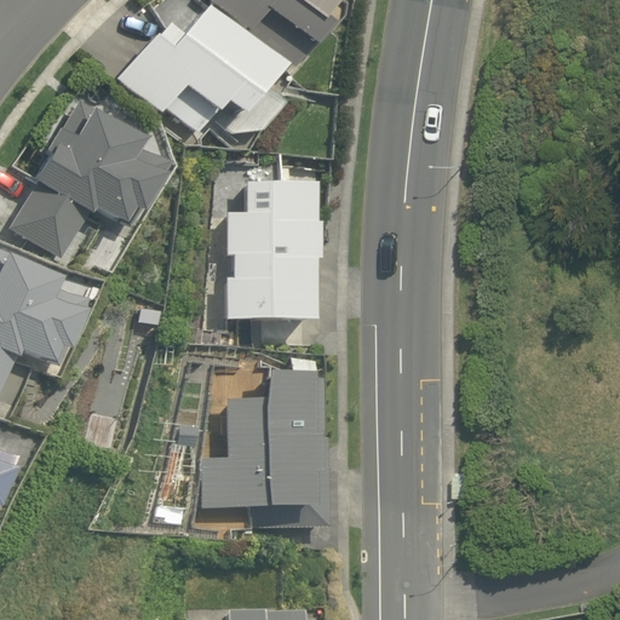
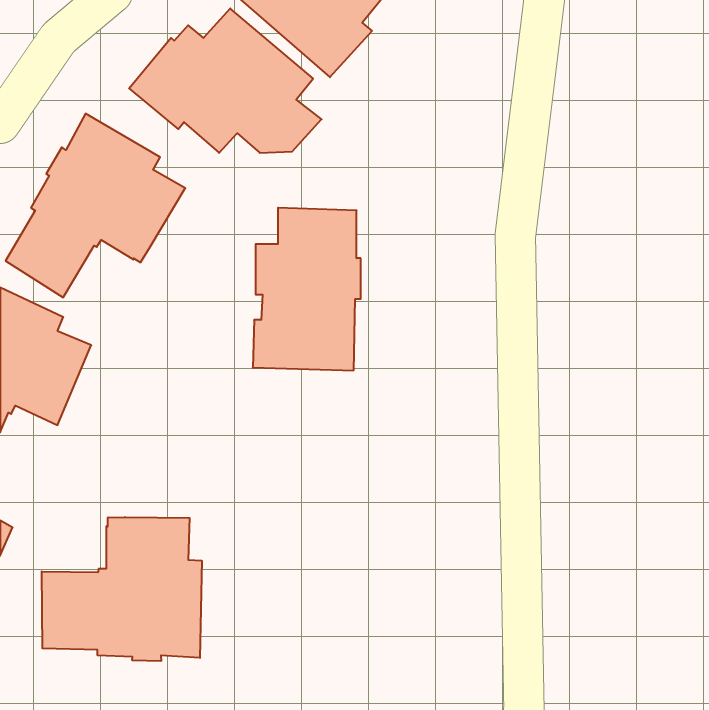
building: [202,372,331,526] -> none
building: none -> [42,517,202,661]

